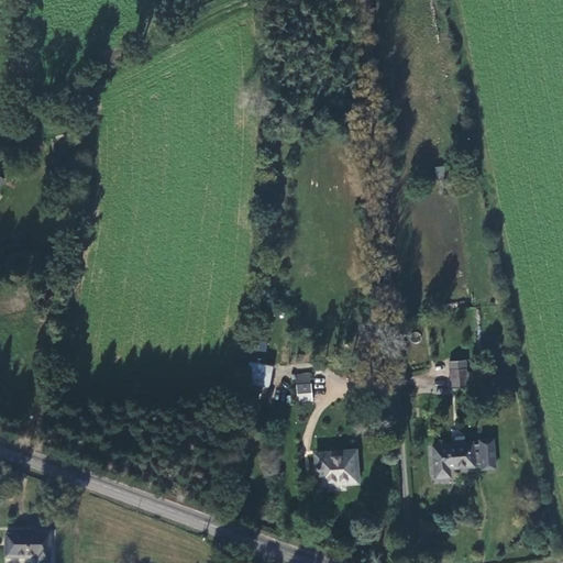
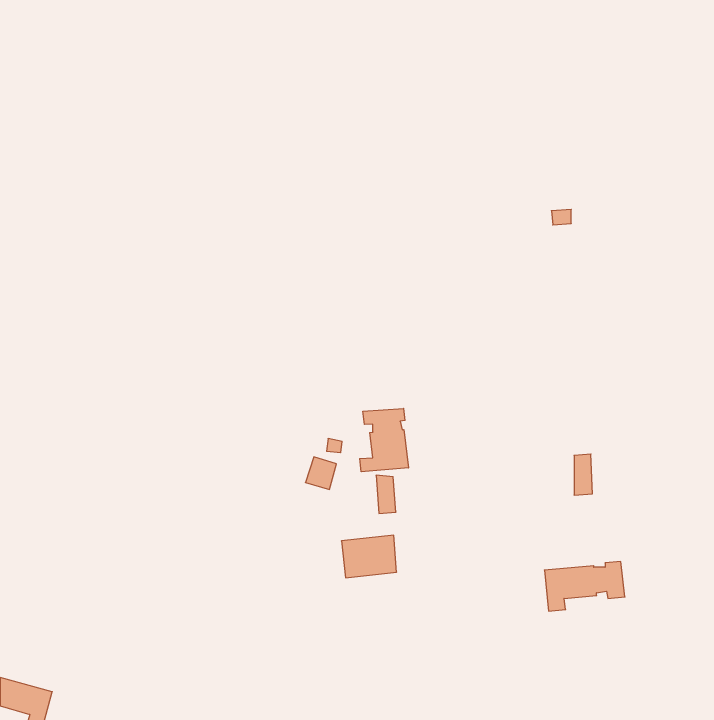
building: none -> [360,408,408,472]
building: [317,450,360,483] -> [341,535,397,578]

